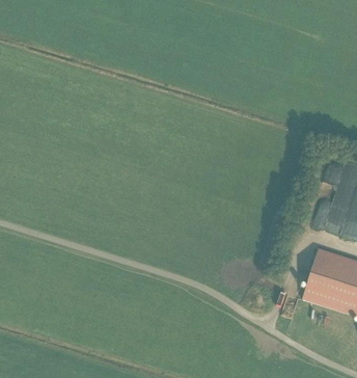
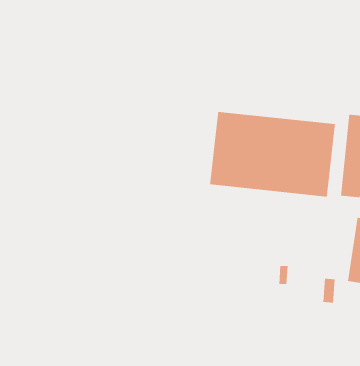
building: none -> [209,111,335,197]

